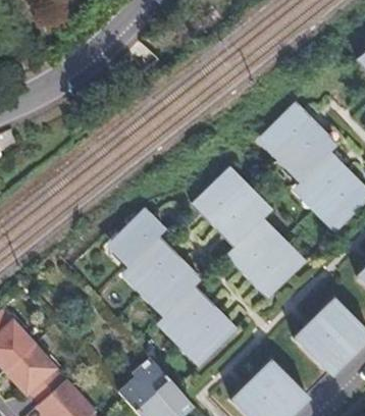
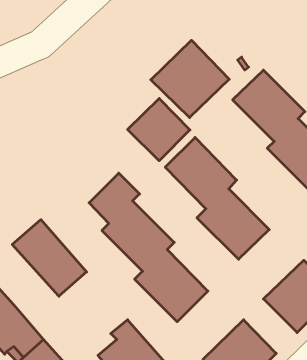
building: none -> [151,40,229,118]
building: none -> [128,98,190,161]
building: none -> [12,220,87,296]

